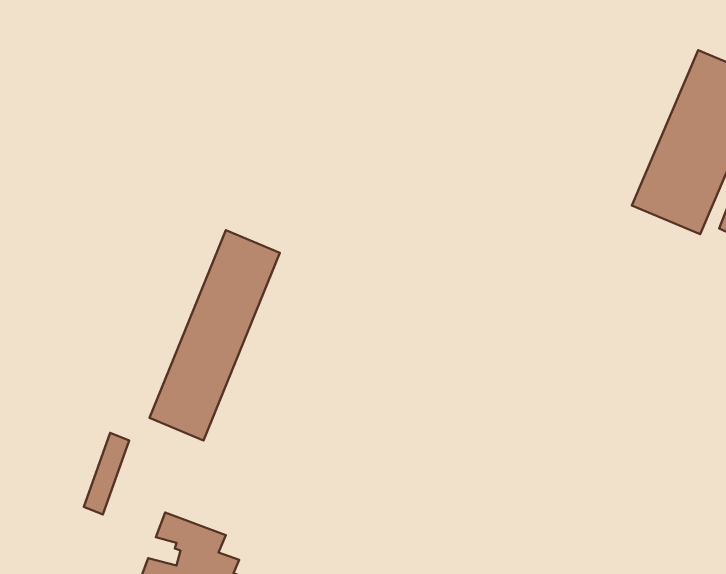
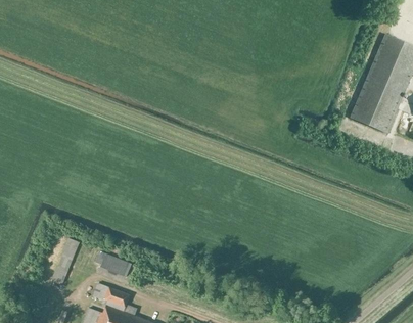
building: [149,230,280,441] -> none
building: none -> [95,249,132,277]

